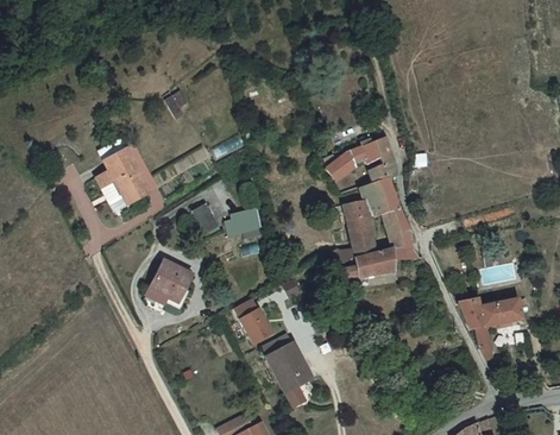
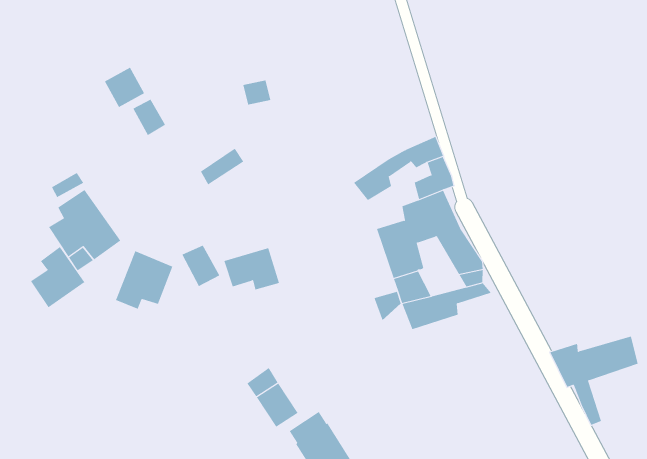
building: none -> [104,67,145,108]
building: none -> [30,246,85,308]
building: [147,260,193,304] -> [115,251,173,309]

